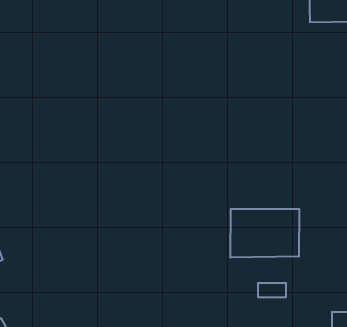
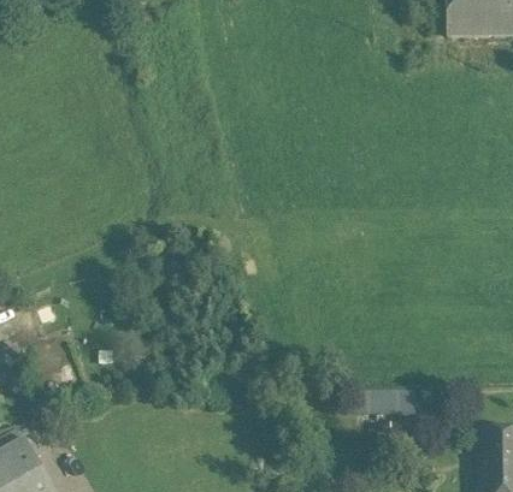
building: [231,209,299,258] -> none

